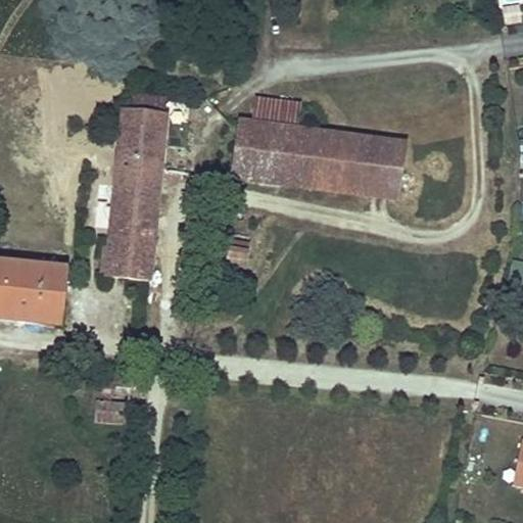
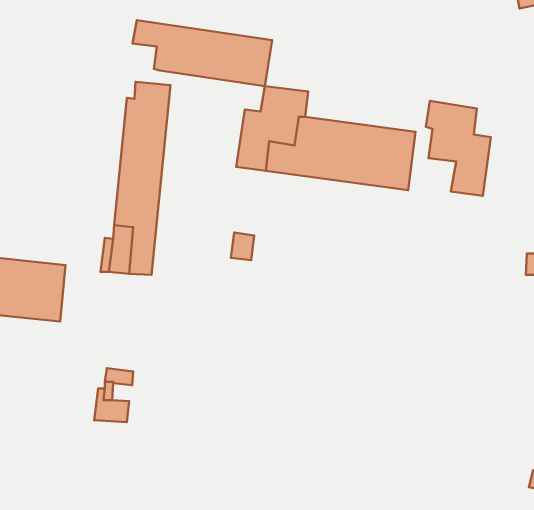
building: none -> [133,20,272,86]
building: none -> [426,101,491,196]

